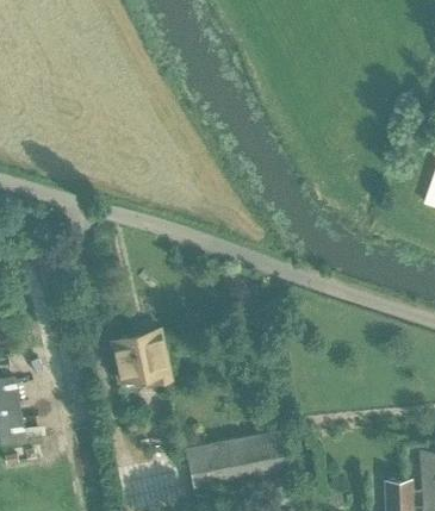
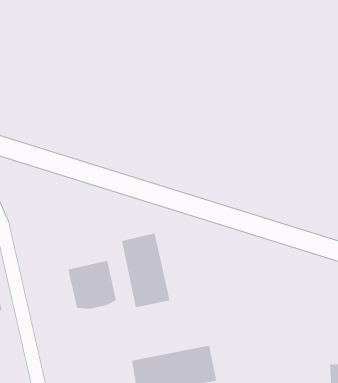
building: none -> [121,233,170,308]

